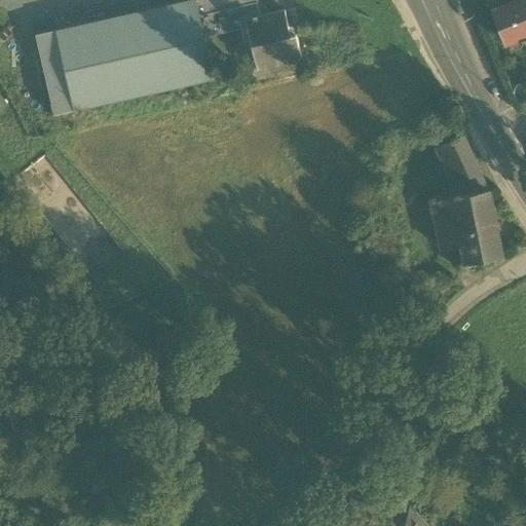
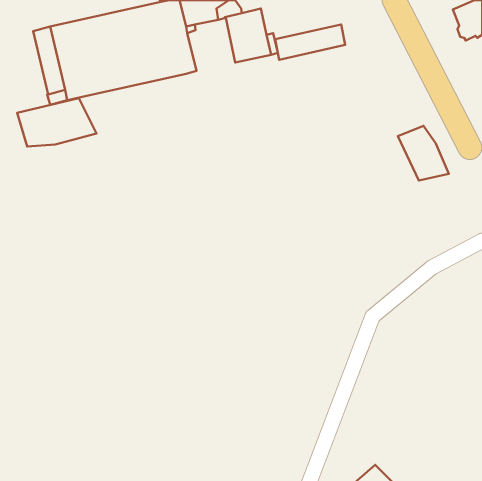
building: none -> [275,24,345,60]
building: none -> [17,98,96,147]
building: [433,191,501,265] -> none

